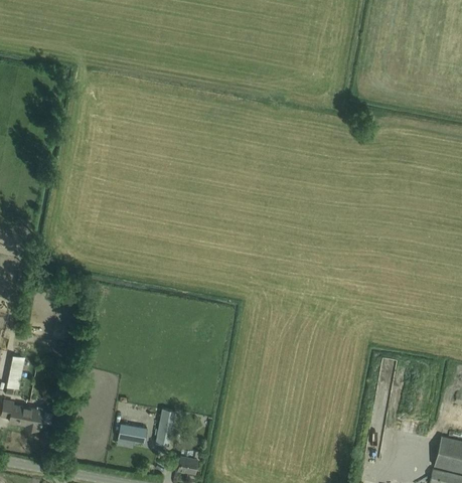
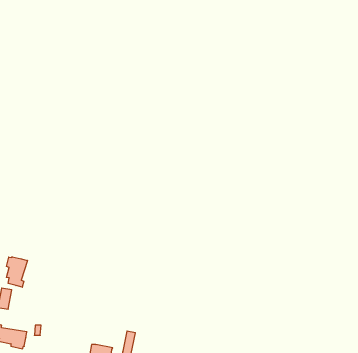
building: none -> [6,257,27,287]

